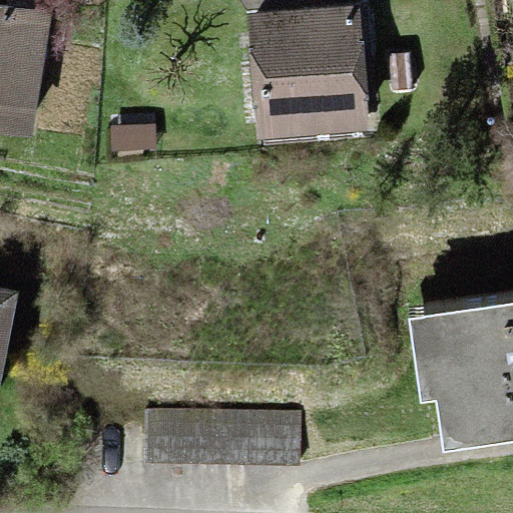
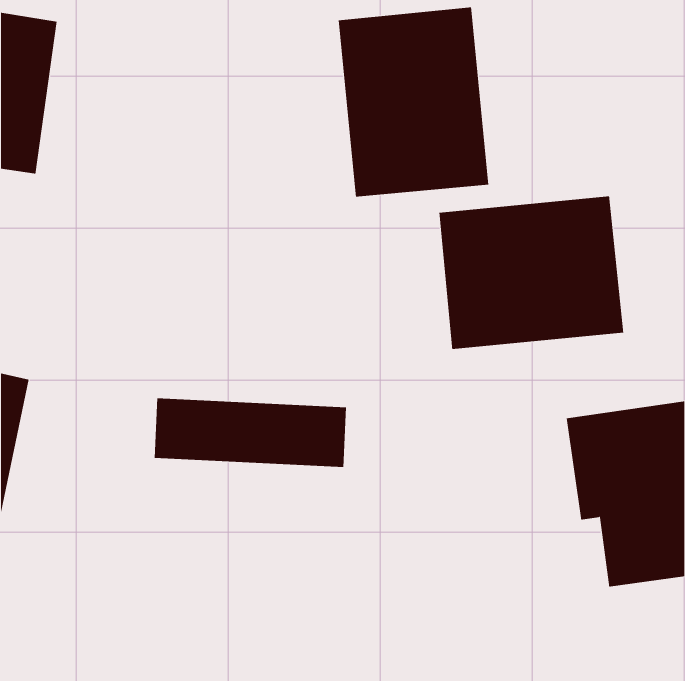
building: none -> [439,196,624,350]
building: [147,411,292,463] -> [154,398,347,467]

